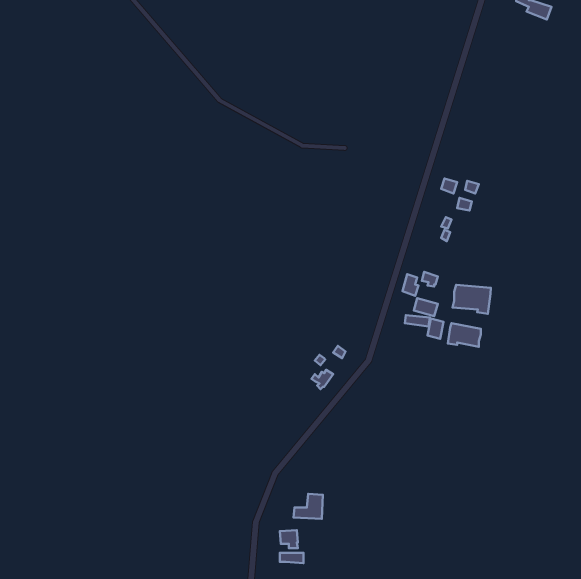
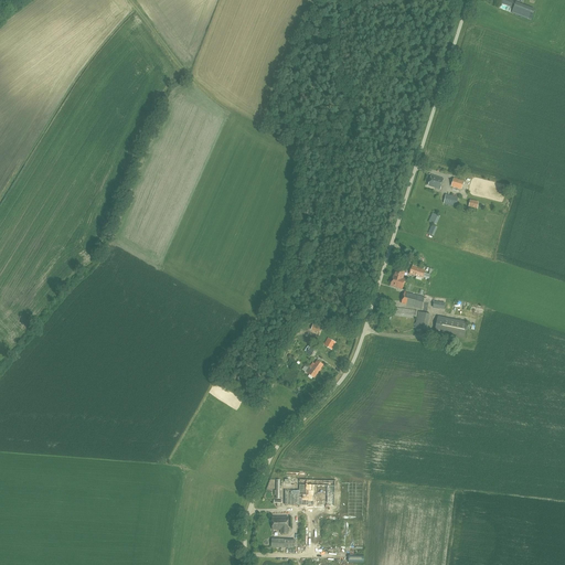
building: [452,285,491,314] -> none

